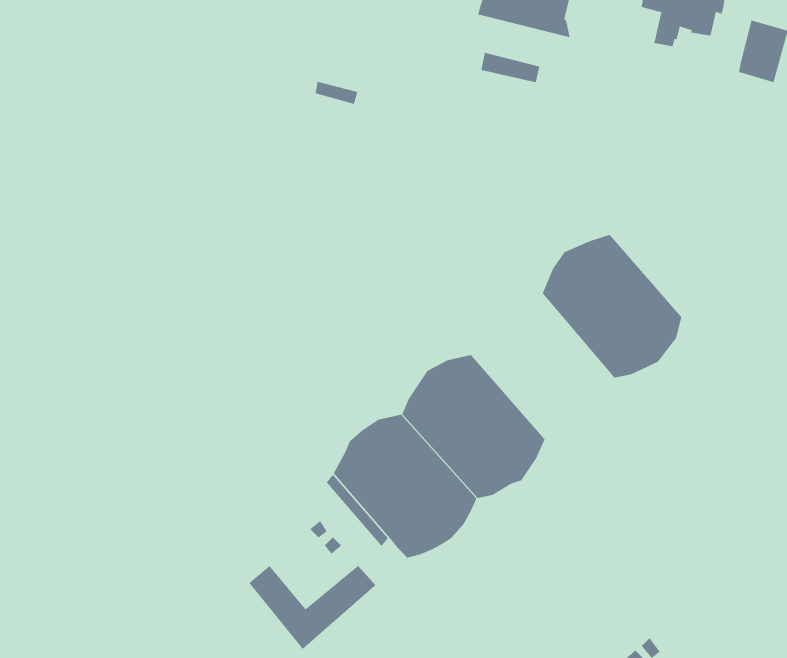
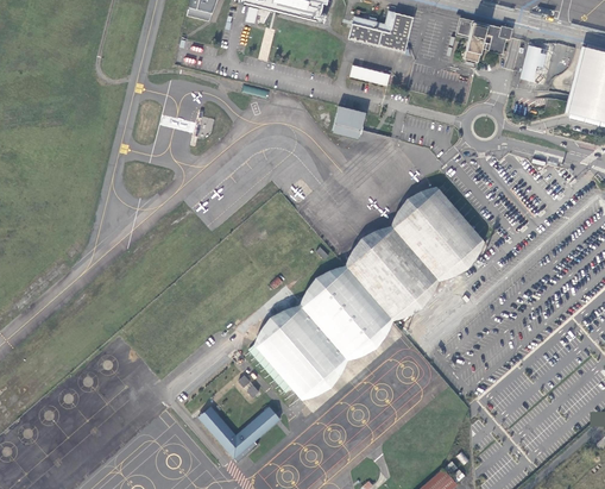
building: none -> [333,105,366,138]
building: none -> [345,224,439,320]

